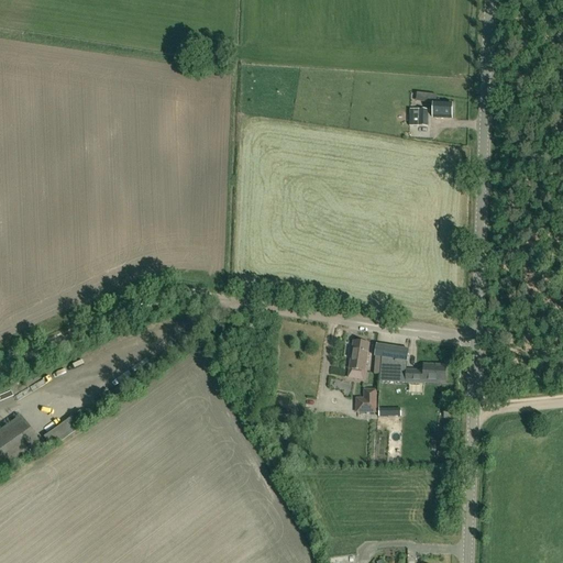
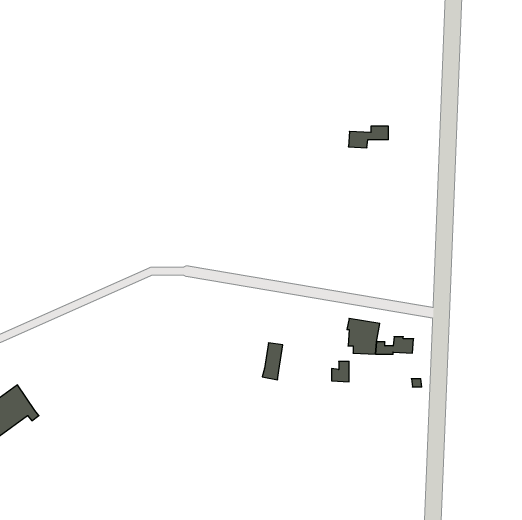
building: [408,101,451,124] -> [348,126,388,148]
building: [346,339,368,378] -> [262,343,283,380]

